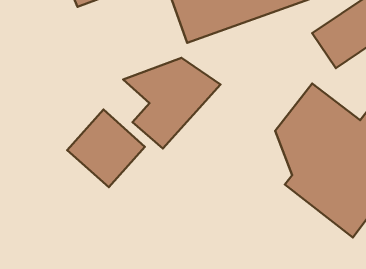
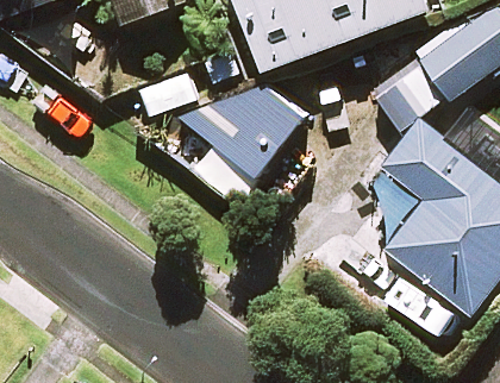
building: [67,110,145,187] -> none

